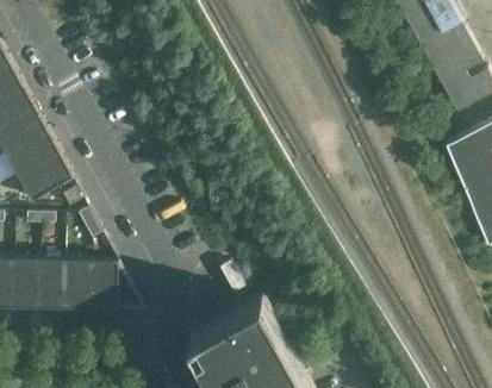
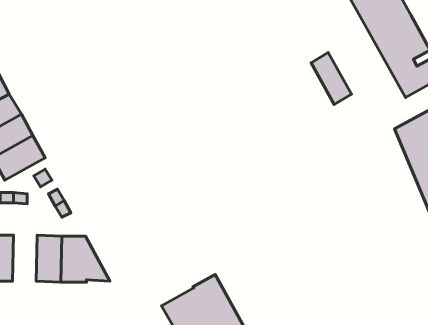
building: none -> [311,53,352,104]
building: [37,259,63,308] -> none

